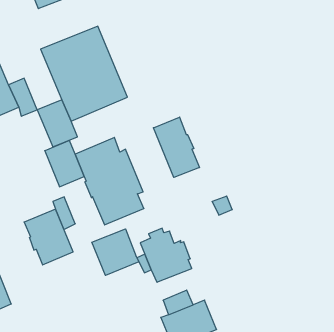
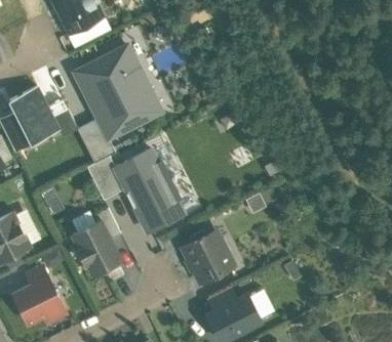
building: [153,117,199,177] -> none
building: [92,229,139,275] -> none

